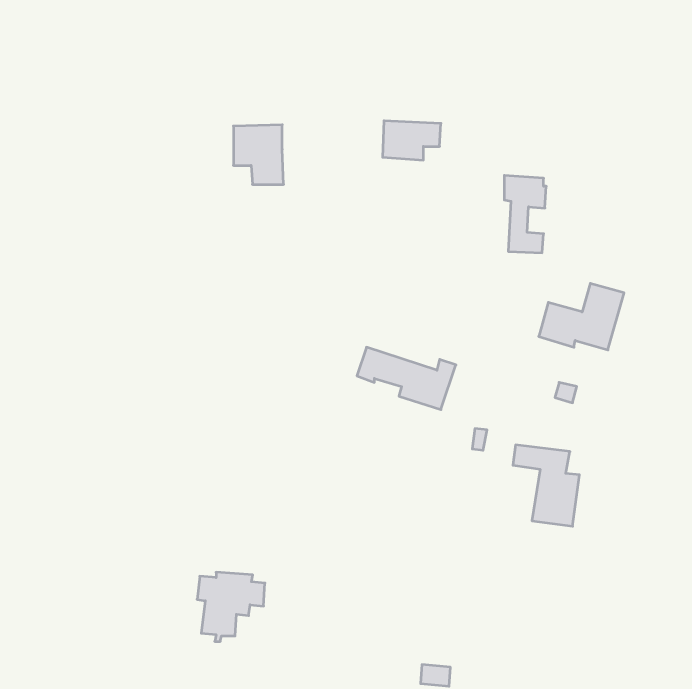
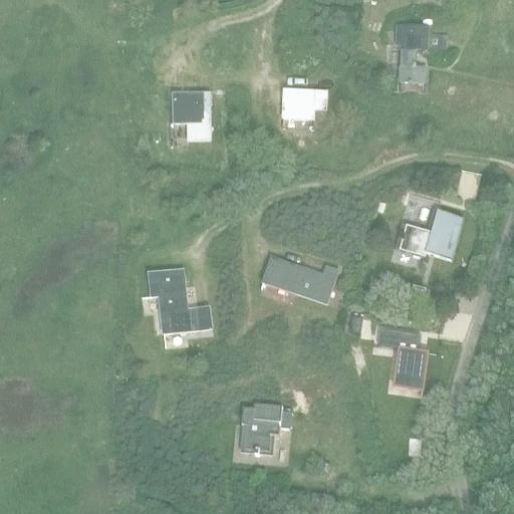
building: [504,175,546,253] -> [396,24,427,81]
building: none -> [149,269,196,332]
building: [197,572,265,641] -> [241,404,291,455]

